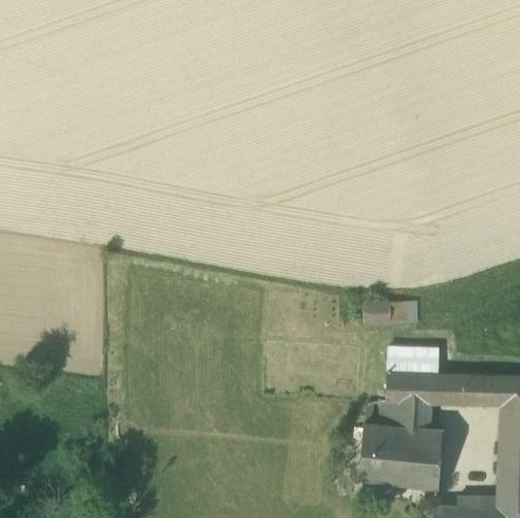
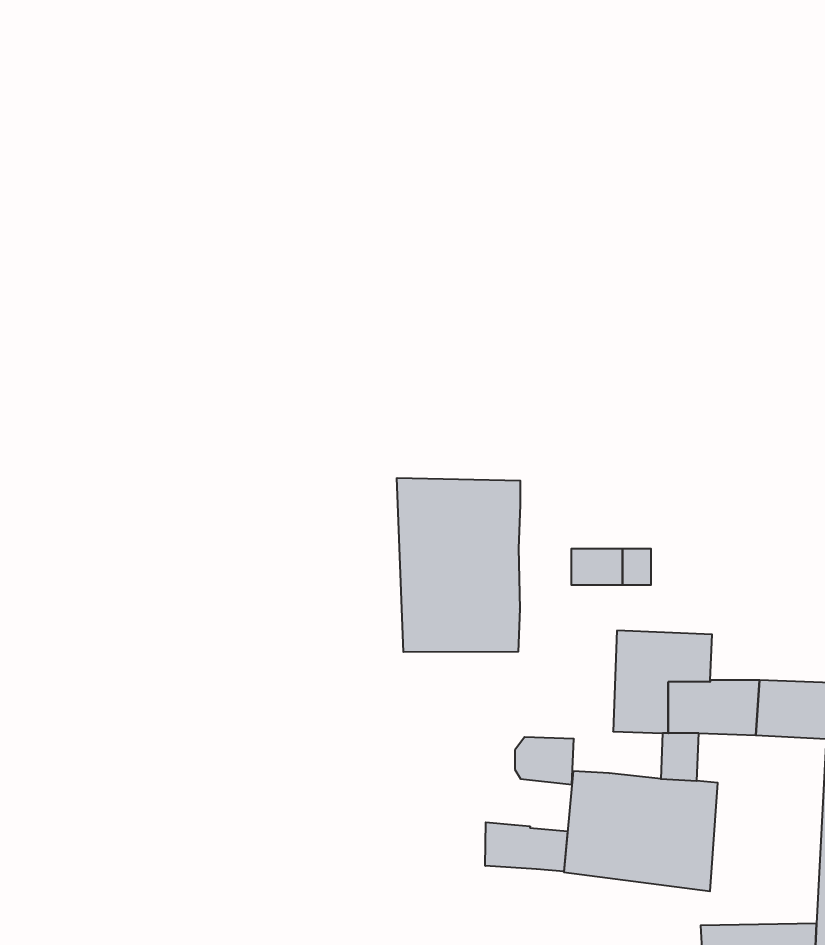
building: none -> [397,478,520,652]
building: [381,402,413,427] -> [515,737,574,785]
building: none -> [485,822,567,872]

